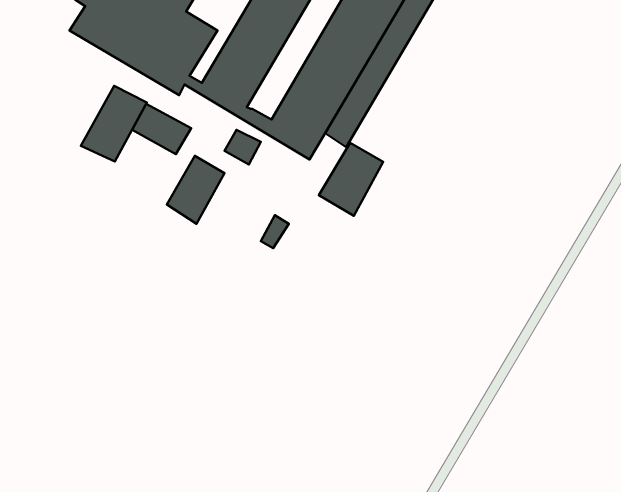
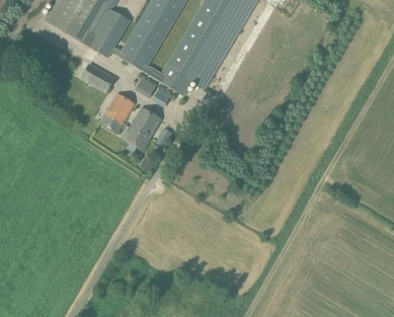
building: [81,86,147,161] -> none
building: [319,143,383,216] -> [124,107,161,150]

